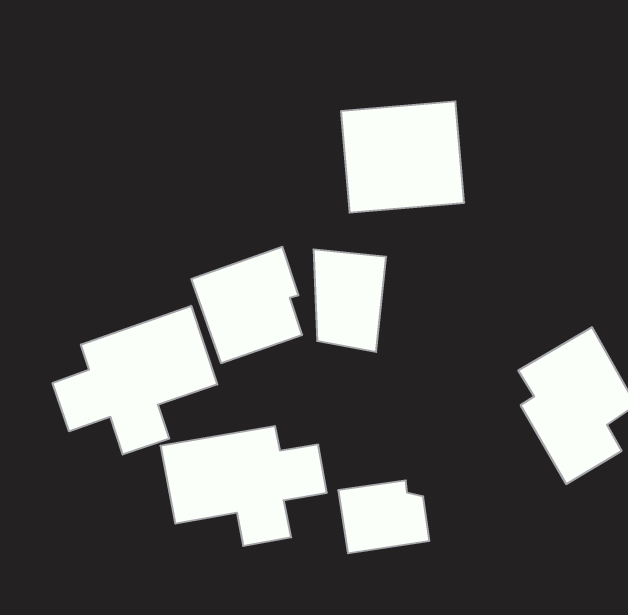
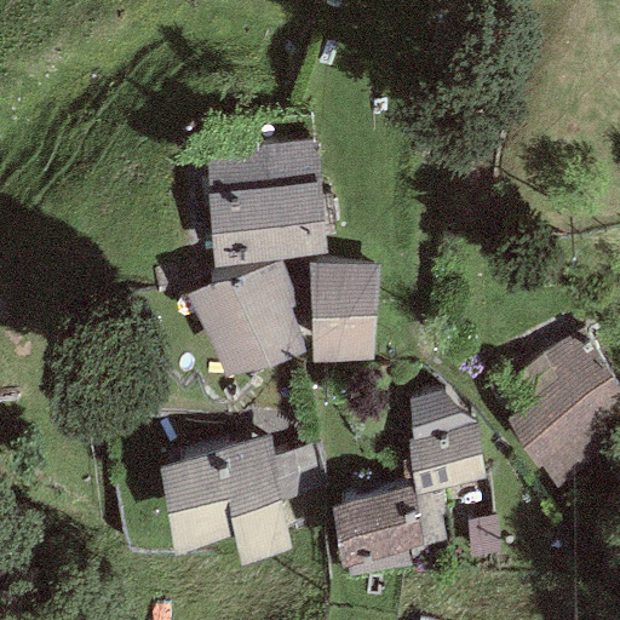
building: [341,101,464,213] -> [206,148,327,257]
building: [53,306,217,455] -> none
building: none -> [404,401,482,492]

